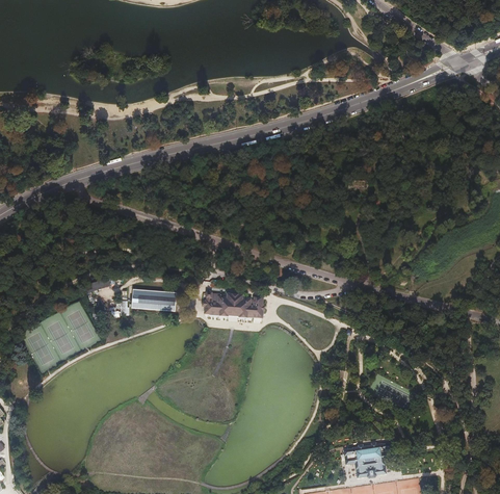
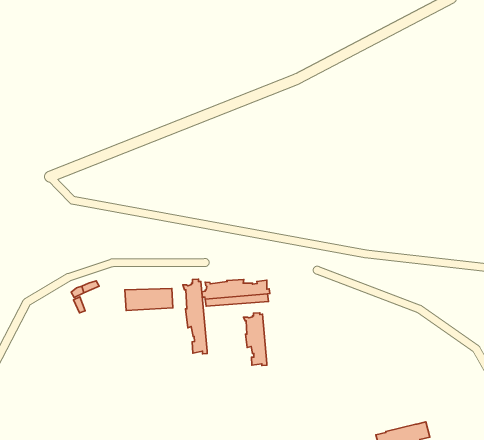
building: none -> [183,279,207,354]
building: none -> [244,313,267,365]

